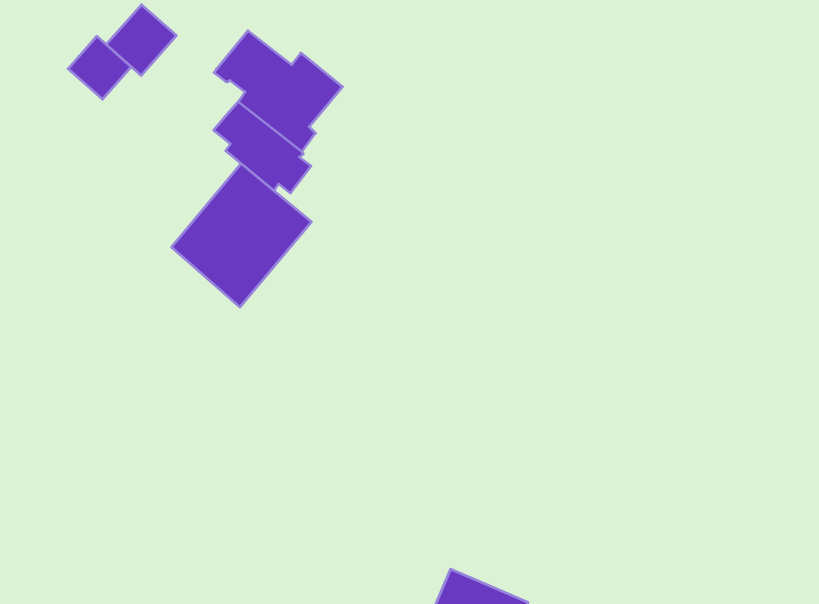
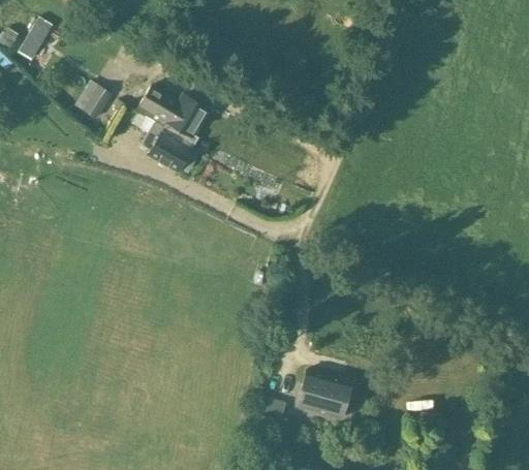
building: [68,36,131,99] -> none
building: [172,163,311,307] -> none

